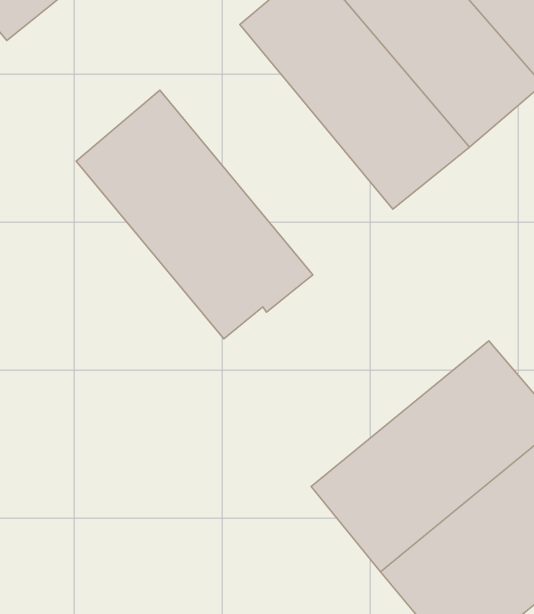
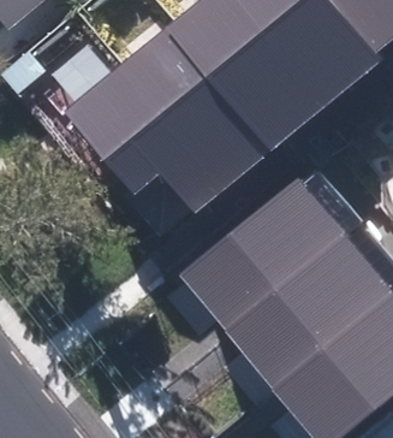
building: none -> [121,18,279,188]
building: none -> [177,174,344,331]

